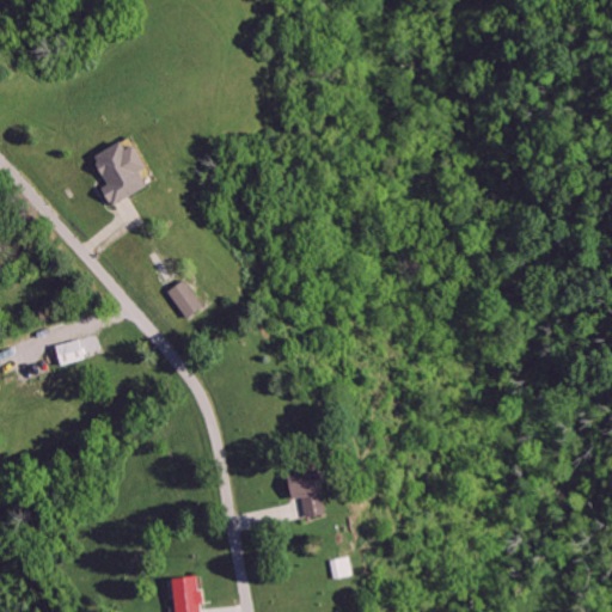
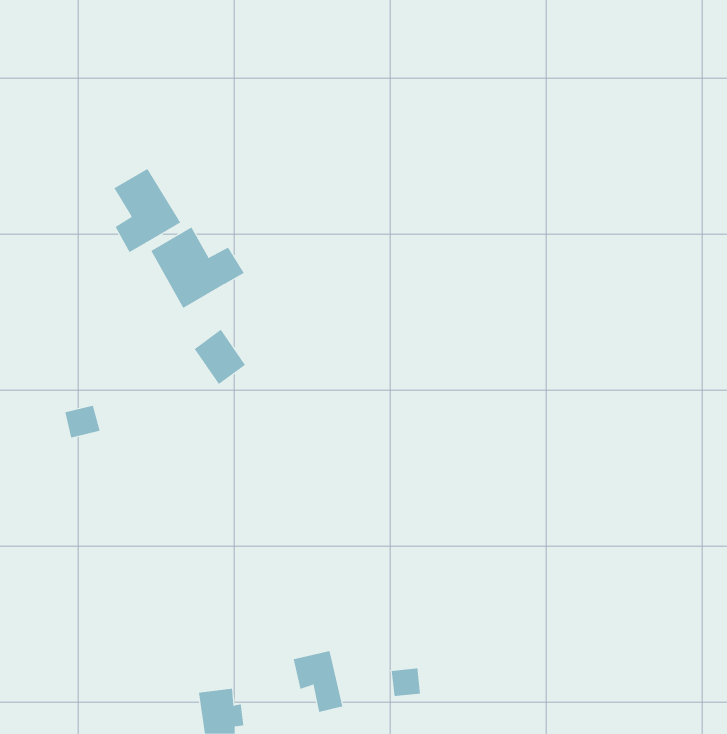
building: none -> [151,227,245,309]
building: [287,467,329,519] -> [293,651,343,712]

